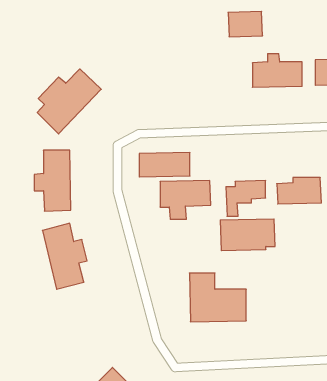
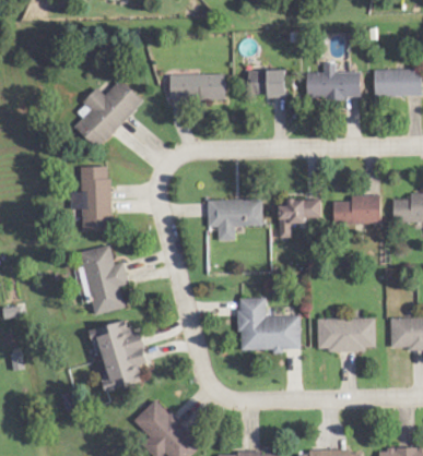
building: [228,11,263,37] -> [248,69,285,96]
building: [139,153,190,177] -> [169,73,224,99]
building: [220,219,275,251] -> [316,317,375,351]
building: none -> [89,320,148,392]

